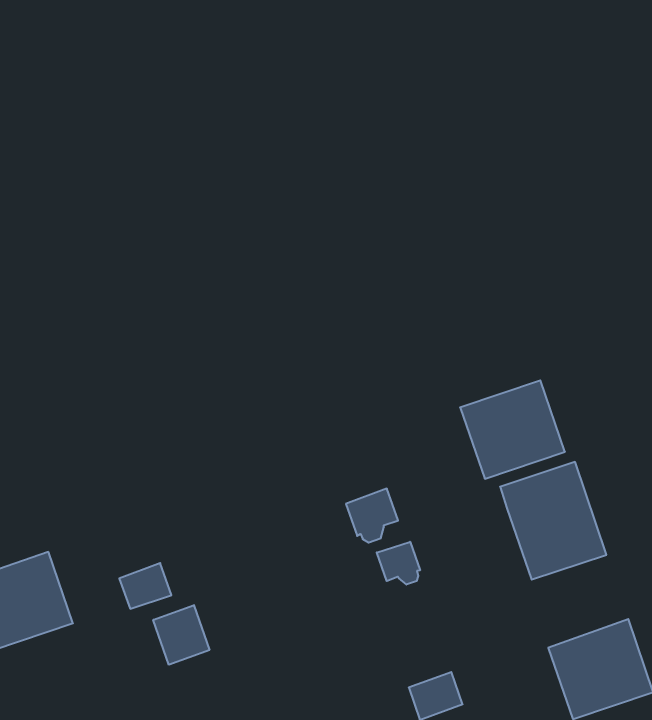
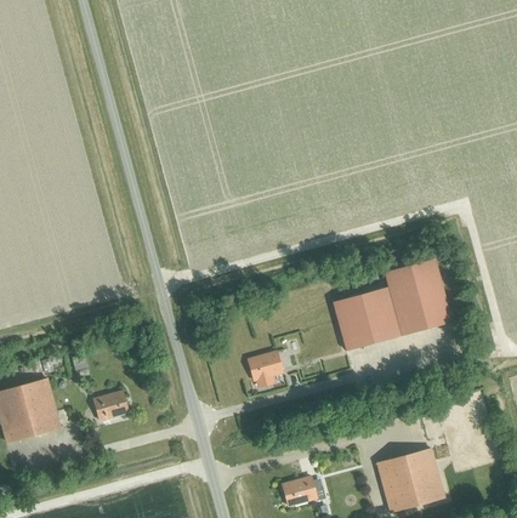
building: [500,462,606,580] -> [380,258,448,335]
building: [377,542,420,585] -> none
building: [153,605,209,665] -> none

